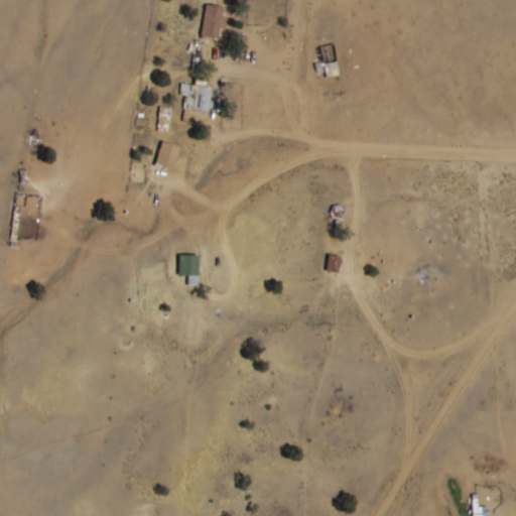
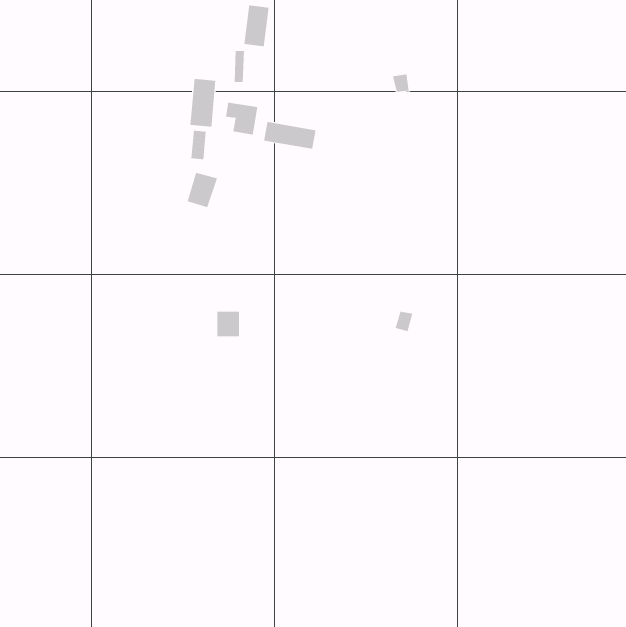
building: none -> [190,78,216,128]
building: none -> [264,121,316,150]

